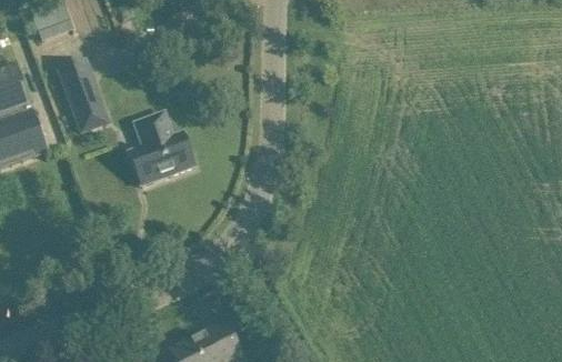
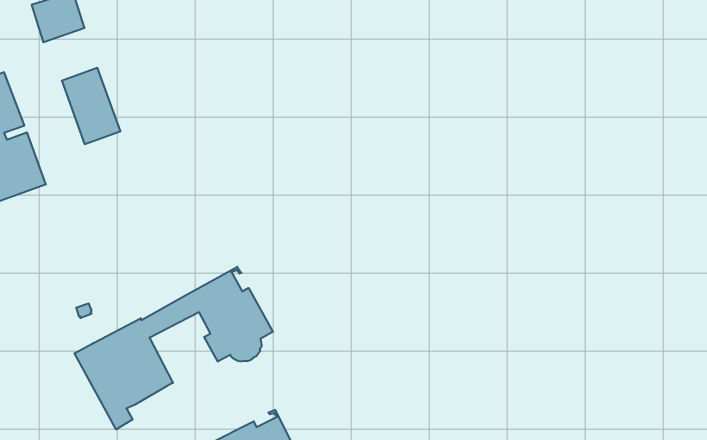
building: [128,111,194,184] -> none
building: none -> [74,267,273,429]

